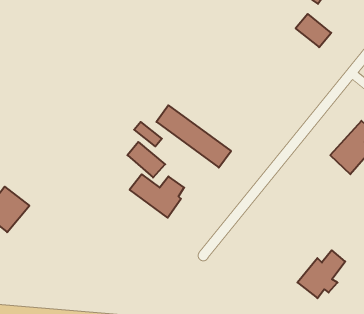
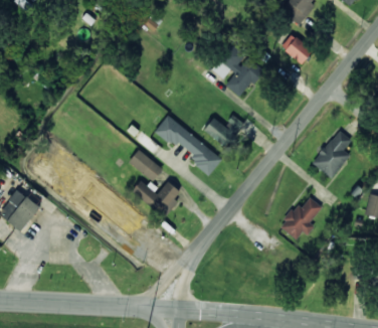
building: none -> [211,44,262,98]
building: none -> [203,116,242,147]
building: [297,250,345,298] -> [278,197,322,240]

